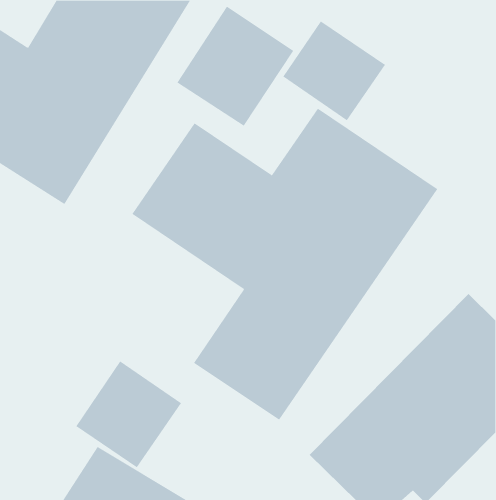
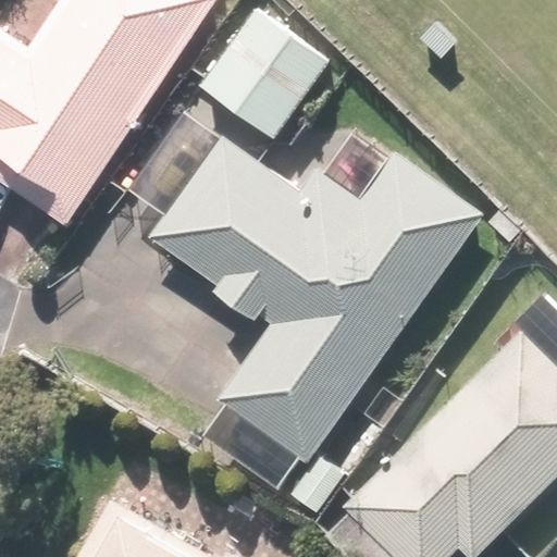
building: [283,20,386,121] -> none
building: [75,360,182,468] -> none

